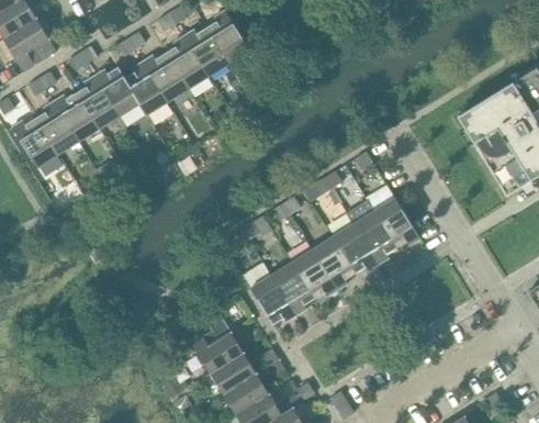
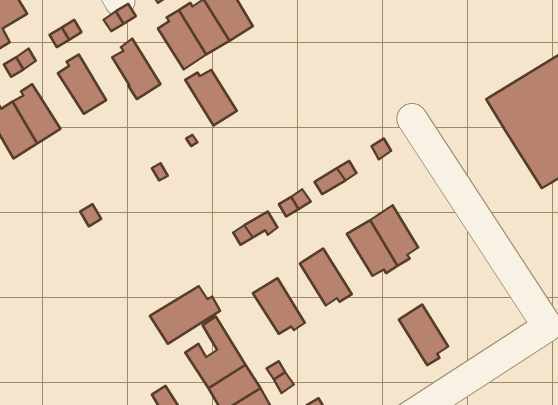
building: [142,53,188,102] -> [185,70,237,126]
building: [94,66,139,116] -> none
building: [53,92,99,142] -> none
building: [373,198,418,247] -> none
building: [312,235,356,289] -> [399,305,448,365]
building: [271,261,314,314] -> none
building: none -> [150,286,220,344]

